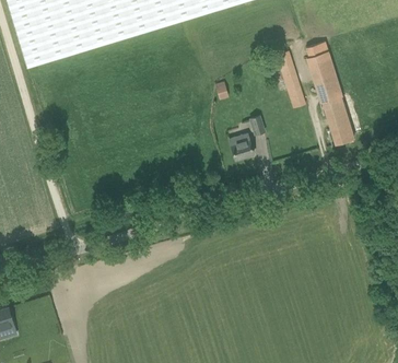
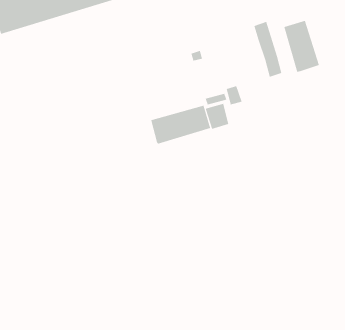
building: [320,93,353,142] -> none
building: none -> [150,105,211,145]

